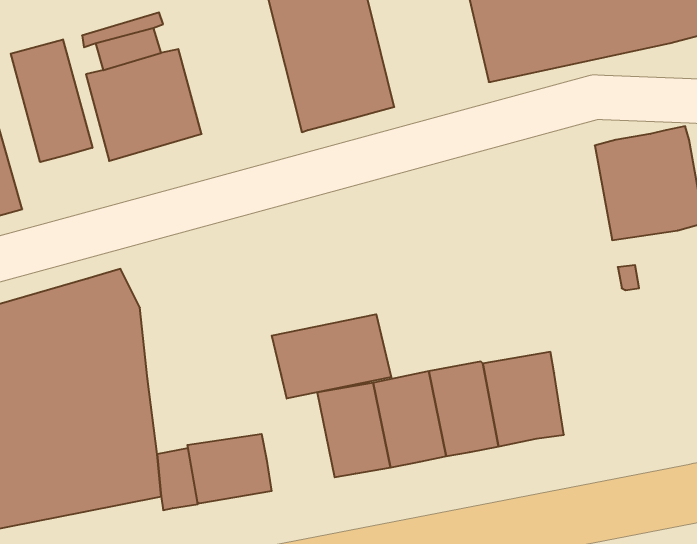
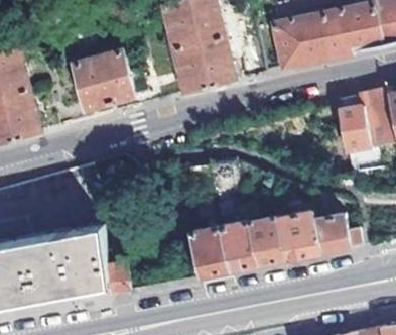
building: [11,39,92,162] -> none
building: [272,314,391,399] -> none
building: none -> [315,215,361,253]
building: [187,434,272,503] -> none

